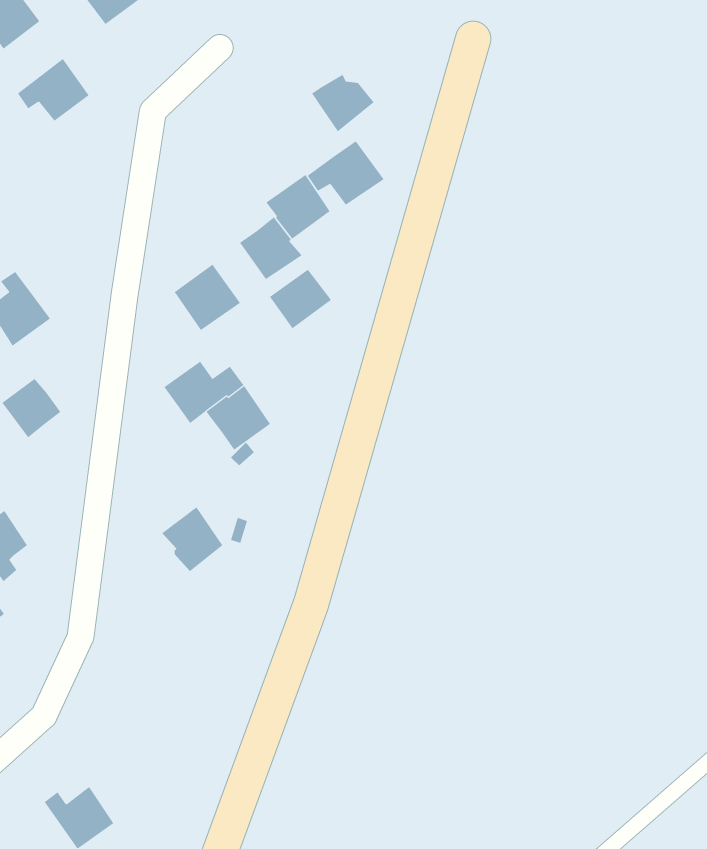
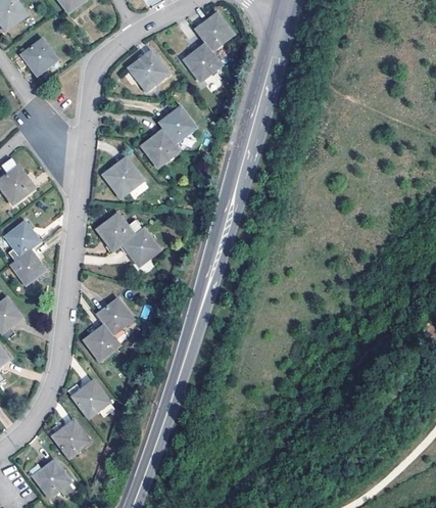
building: none -> [193,15,230,51]
building: [307,141,384,206] -> [125,51,169,89]
building: [269,269,332,329] -> none
building: none -> [9,249,46,287]
building: none -> [86,325,120,360]
building: none -> [67,382,109,418]
building: none -> [47,420,89,456]

